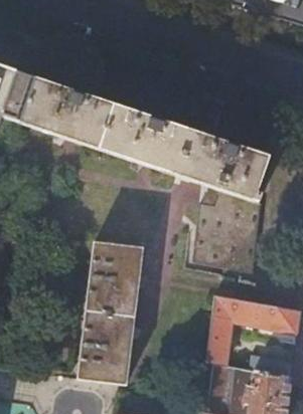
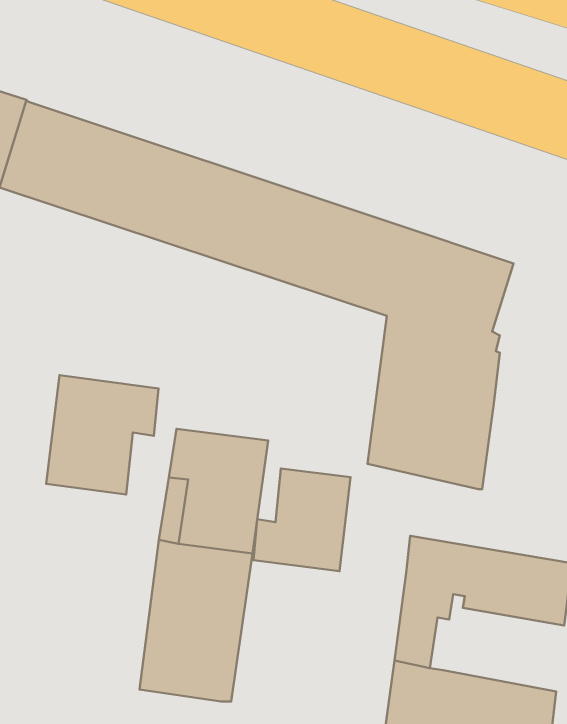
building: none -> [46,375,158,494]
building: none -> [253,468,350,571]

